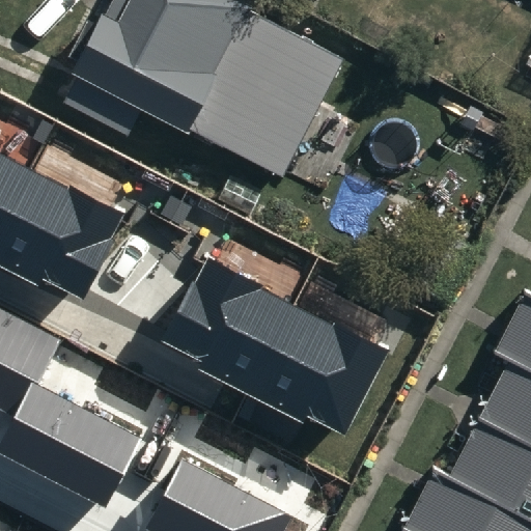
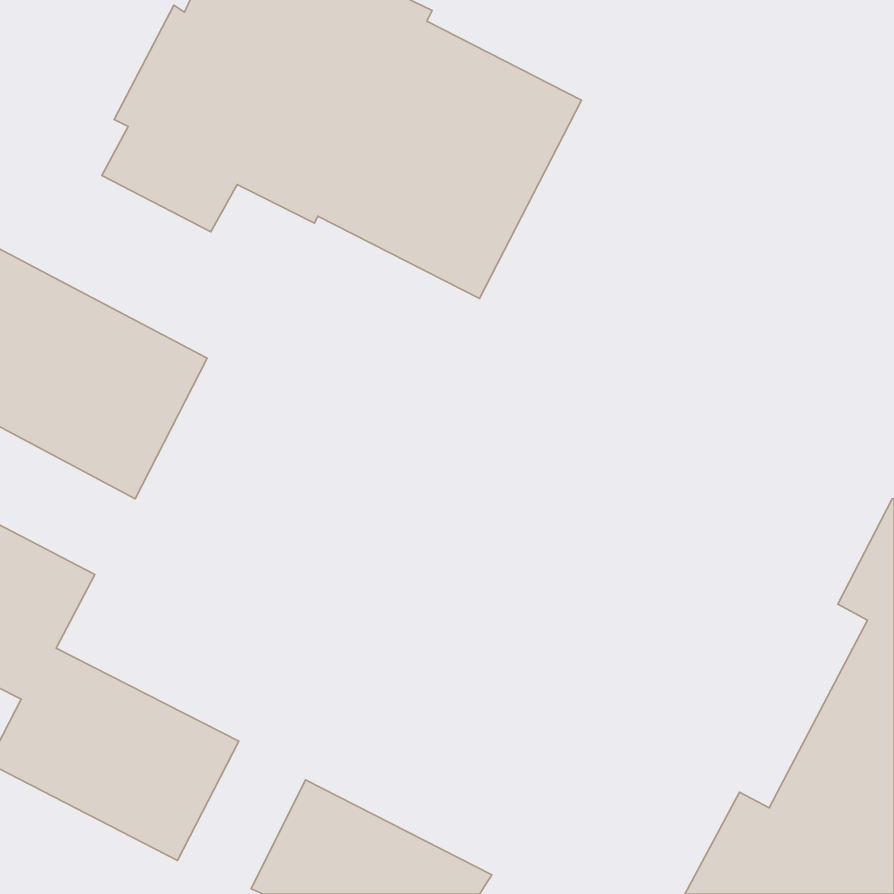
building: [163,255,389,432] -> none

